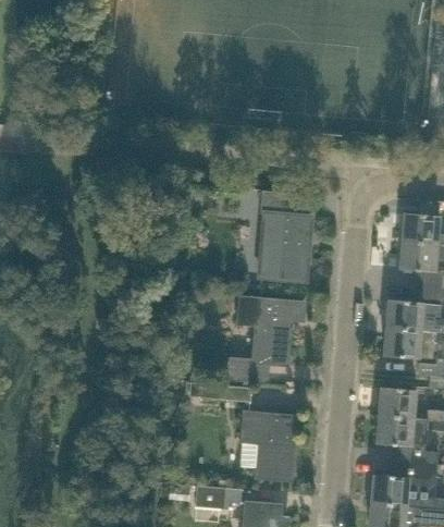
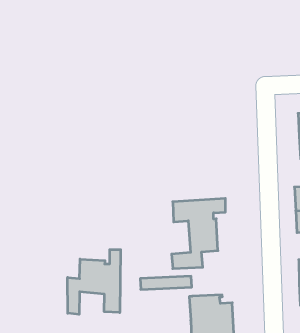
building: [259,189,311,281] -> none
building: none -> [68,250,121,314]

